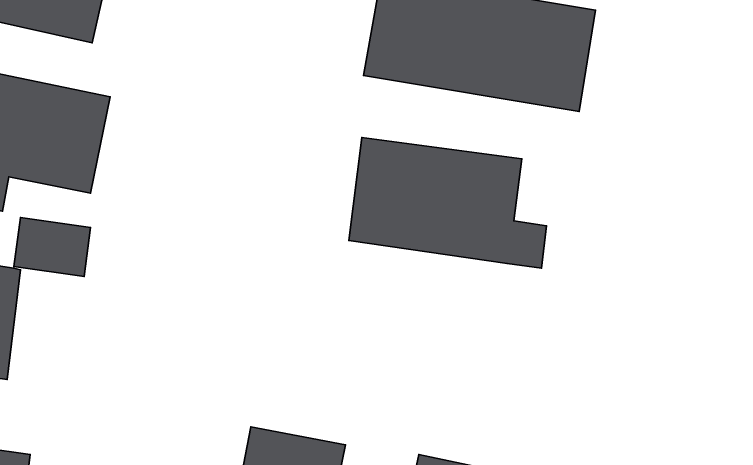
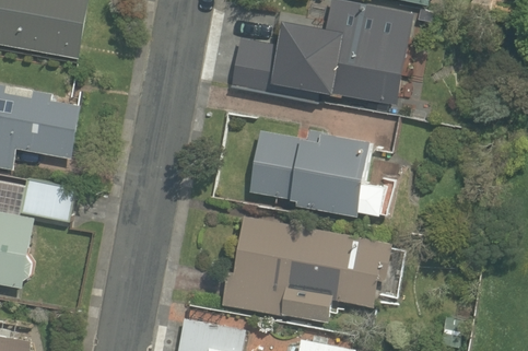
building: none -> [225,215,385,321]

